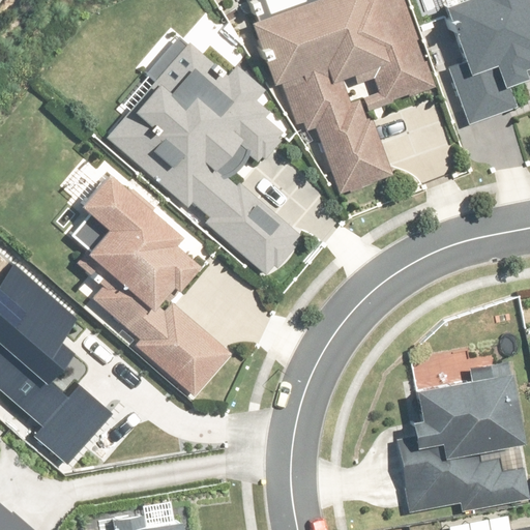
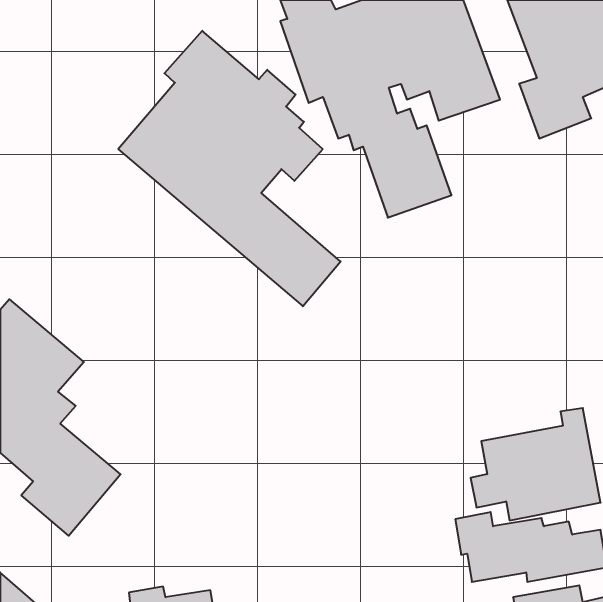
building: [68,174,218,390] -> none

